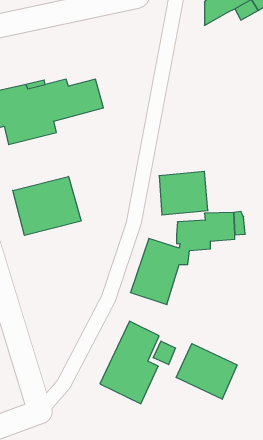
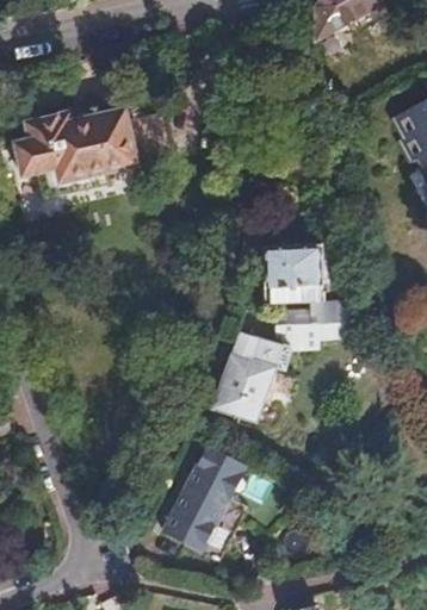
building: [13,176,81,235] -> none
building: [176,344,237,399] -> none

